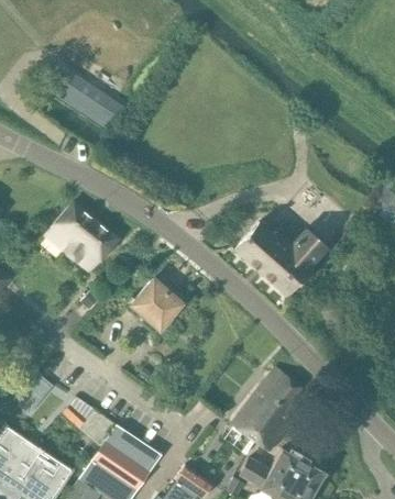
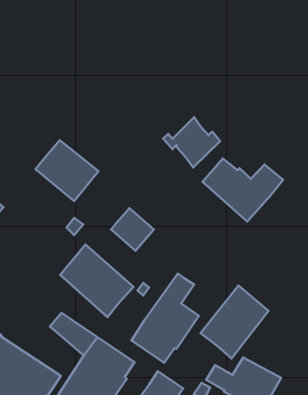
building: [45,65,125,133] -> none
building: none -> [163,117,220,168]
building: none -> [60,245,134,317]
building: none -> [131,273,199,363]

